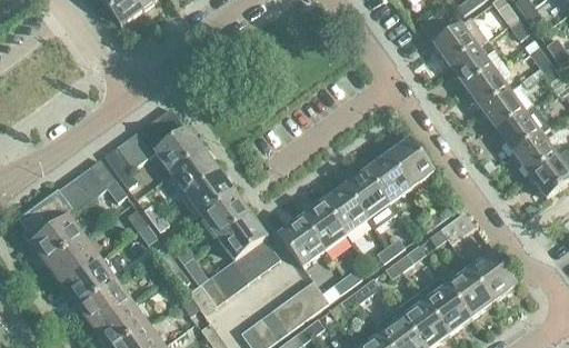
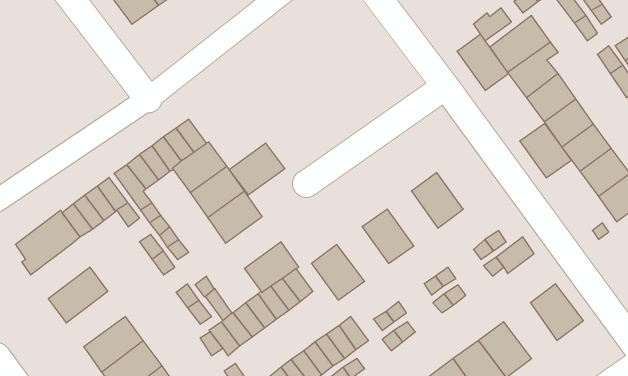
building: none -> [457,34,508,91]
building: [388,138,433,186] -> [520,124,572,178]
building: [345,170,389,218] -> none
building: [202,192,251,238] -> [229,143,285,195]
building: [300,201,346,249] -> none
building: [31,216,83,265] -> none
building: [62,258,114,307] -> none
building: [447,268,493,317] -> none

